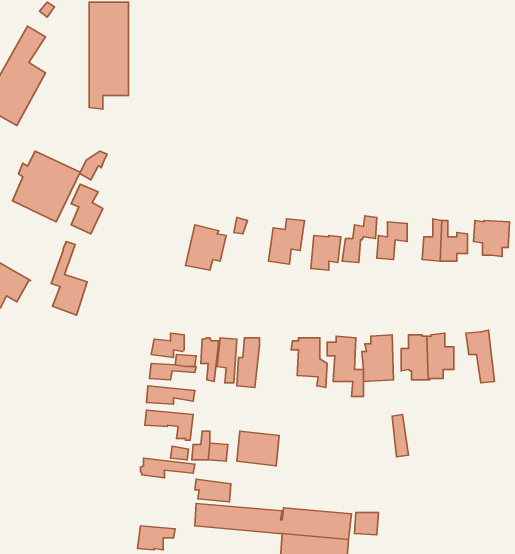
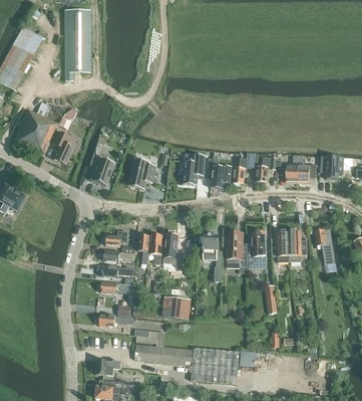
building: [51,241,87,315] -> [89,136,113,185]

